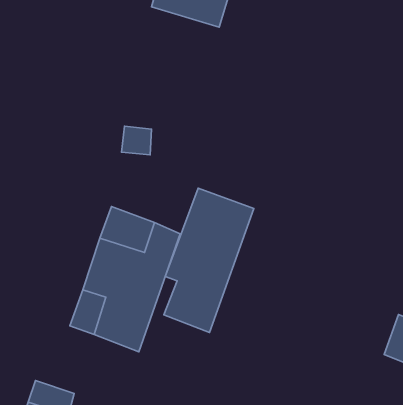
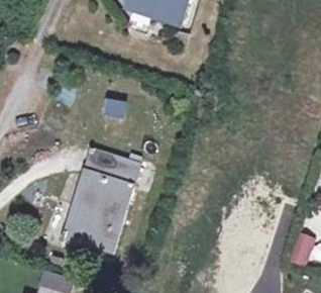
building: [164,188,254,333] -> none

